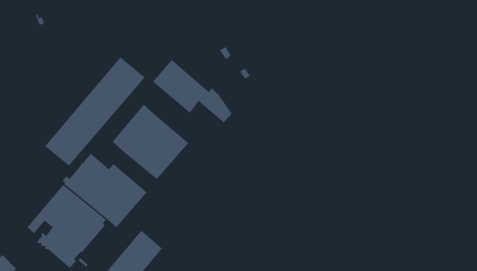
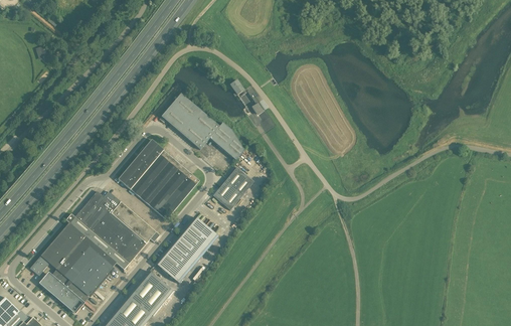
building: [45,57,145,167] -> none
building: none -> [212,167,252,210]
building: none -> [154,217,217,284]

